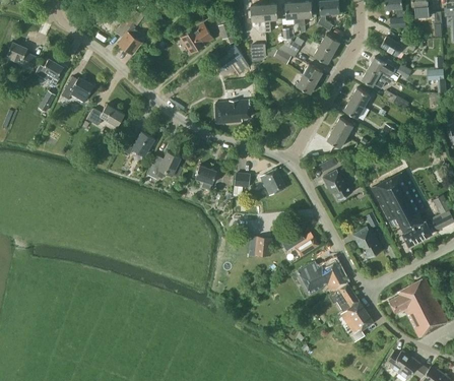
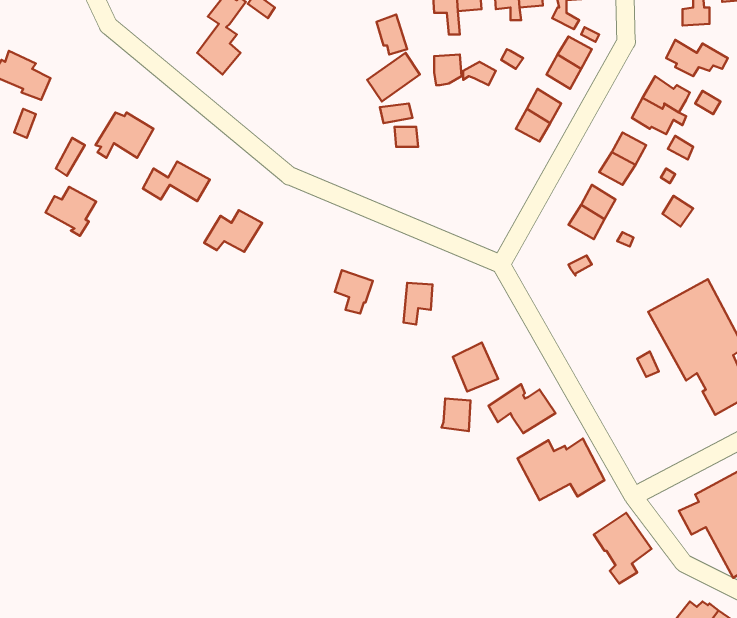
building: [181,23,212,51] -> none
building: [35,59,63,86] -> [46,187,96,236]
building: [214,100,250,123] -> none
building: [148,150,183,178] -> none
building: [260,168,285,195] -> [453,342,498,391]
building: [322,169,352,199] -> none
building: [352,227,382,257] -> none
building: [329,282,359,311] -> none

